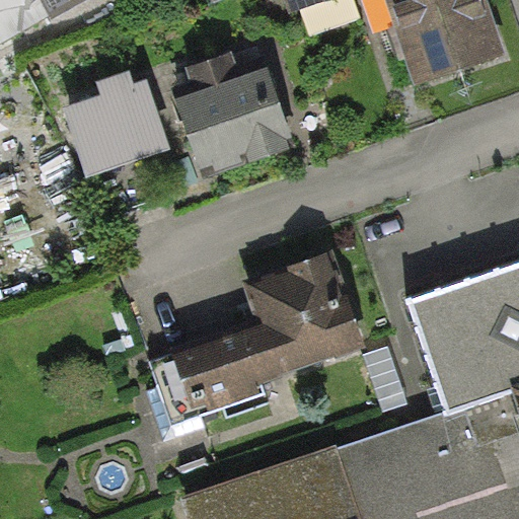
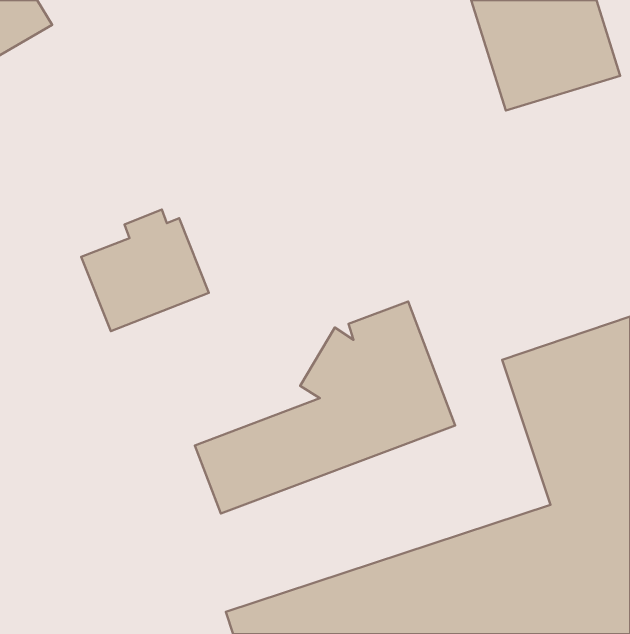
building: [171,68,290,177] -> none
building: [62,73,166,172] -> [81,210,209,331]

